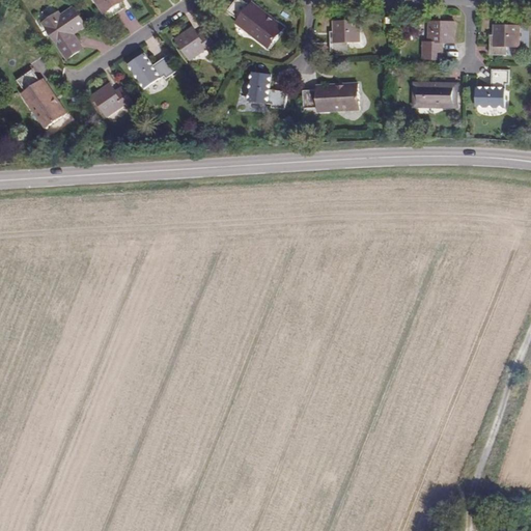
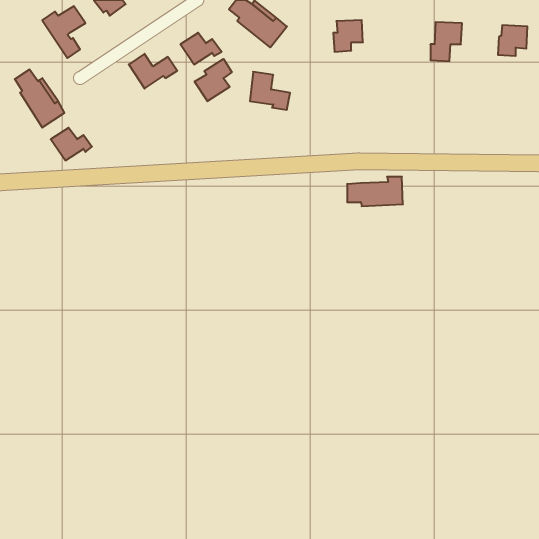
building: none -> [195,59,232,101]
building: [475,69,508,108] -> none
building: [90,82,131,114] -> [51,128,92,160]
building: [303,82,358,111] -> [347,177,403,206]
building: [414,83,455,105] -> none

